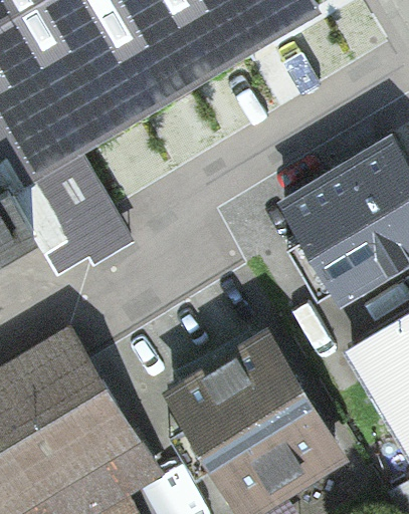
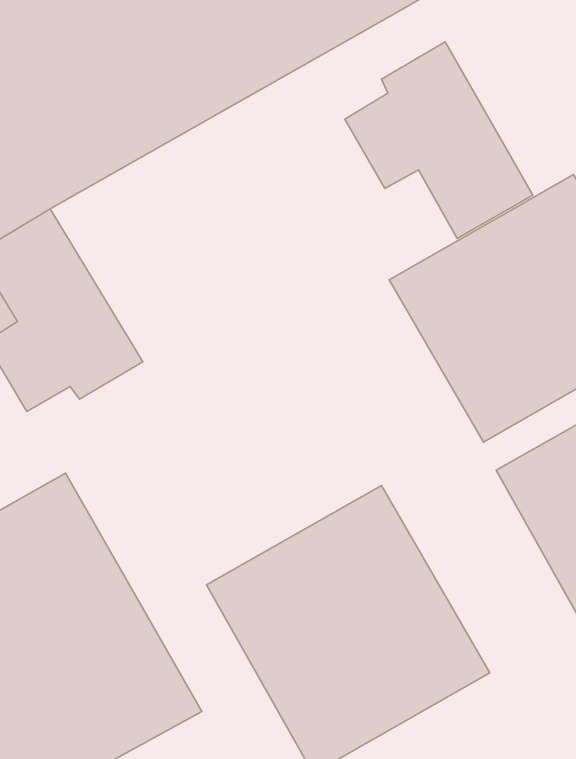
building: none -> [345,42,533,238]

